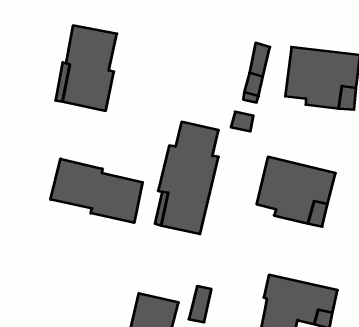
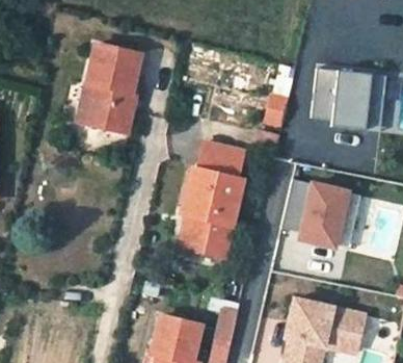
building: [51,159,143,223] -> none

